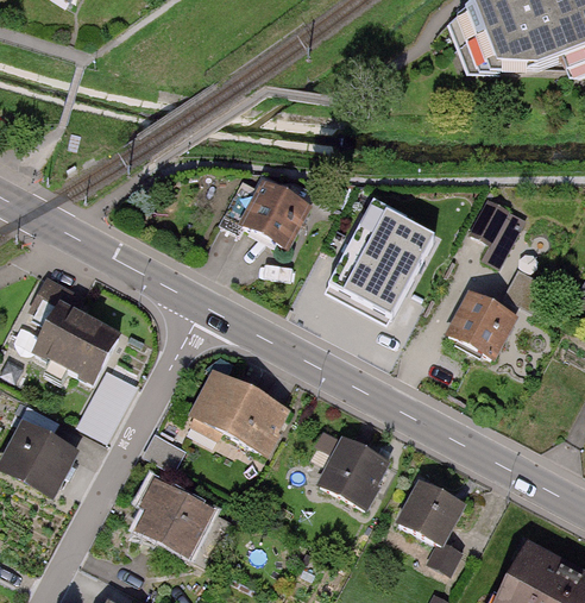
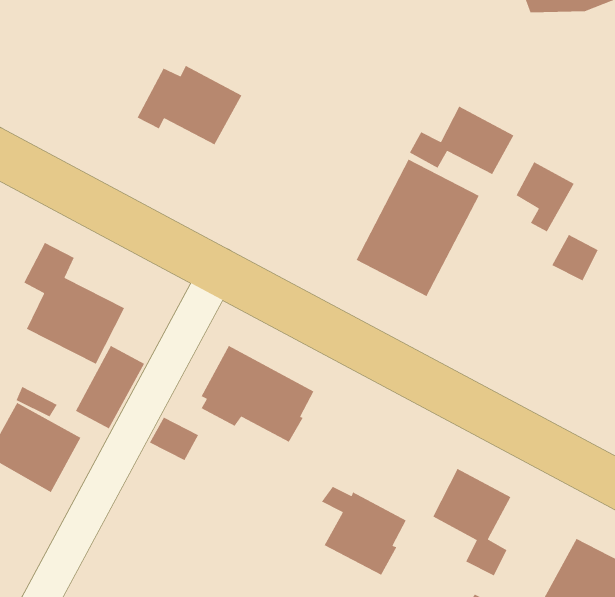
building: none -> [409,106,515,175]
building: [219,177,314,250] -> [137,65,242,145]
building: [444,289,520,360] -> none
building: [313,431,390,511] -> [321,486,407,576]
building: [134,477,231,567] -> none

